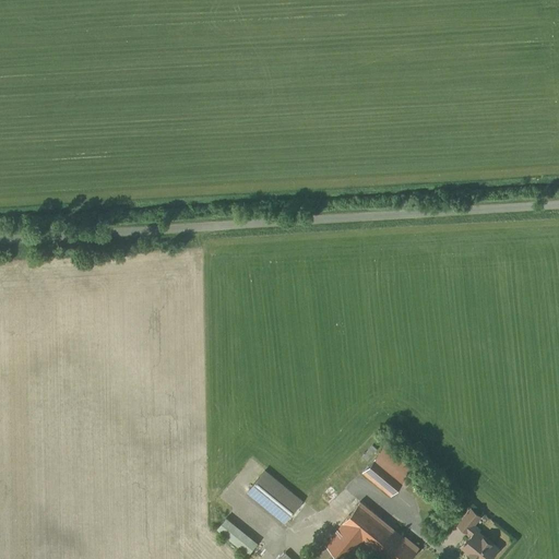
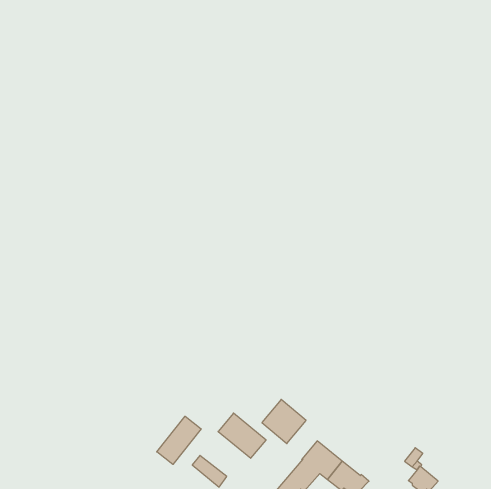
building: [364,448,414,498] -> [262,399,306,444]
building: none -> [157,416,201,464]

